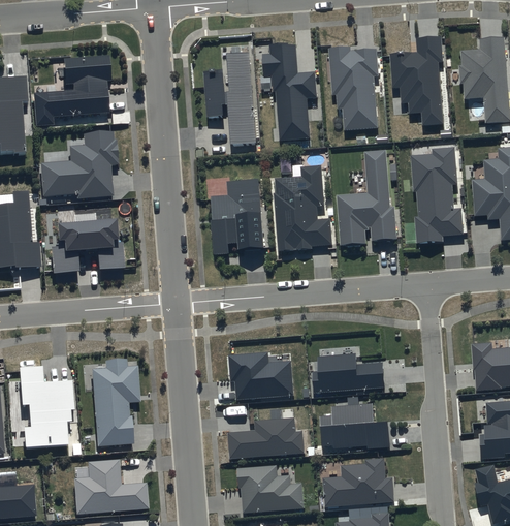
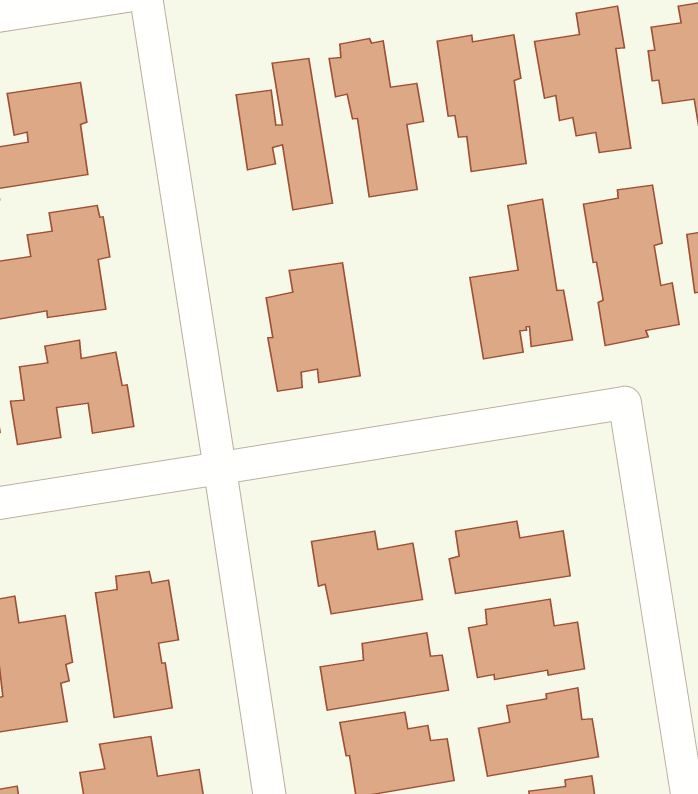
building: [274,166,333,252] -> none

